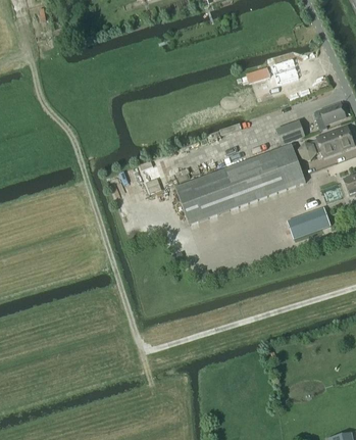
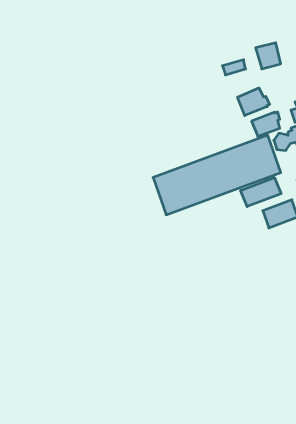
building: none -> [238,88,270,116]
building: none -> [241,178,281,207]

